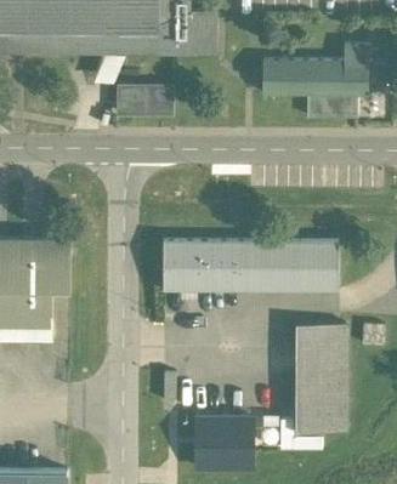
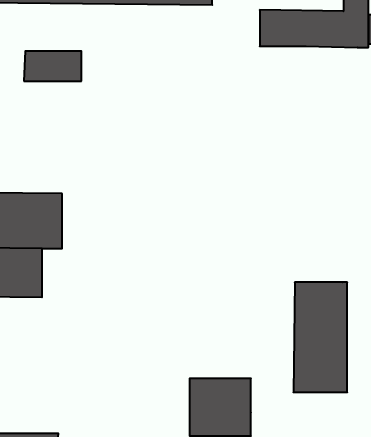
building: [115,85,171,114] -> [24,51,81,81]
building: [306,93,356,116] -> none
building: [161,239,336,289] -> none

